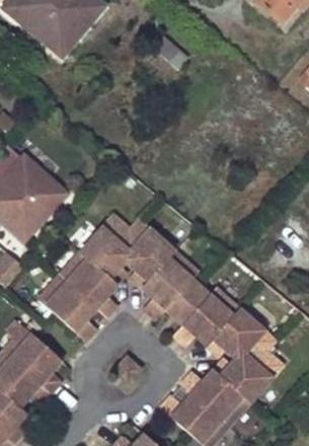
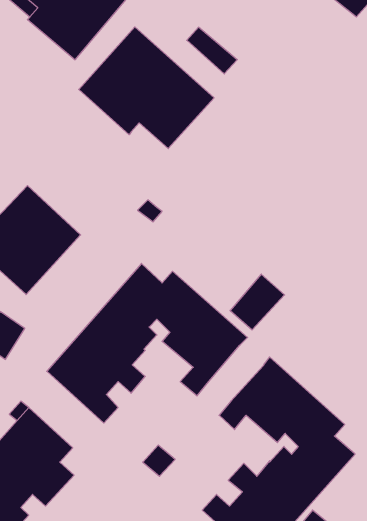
building: none -> [79,27,214,149]
building: [166,279,209,322] -> [230,274,285,330]

